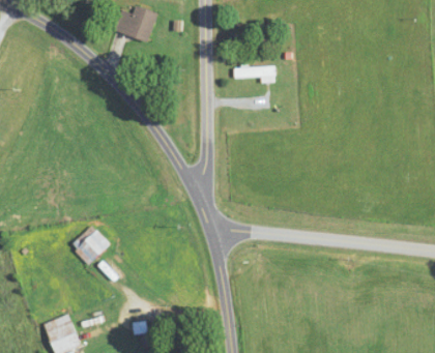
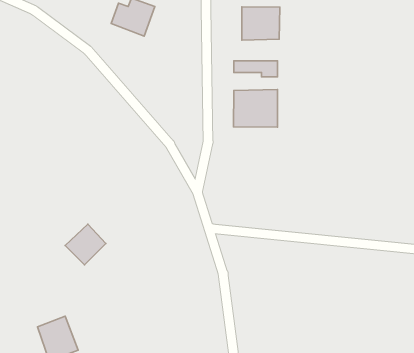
building: none -> [242,7,280,40]
building: none -> [234,89,278,127]

